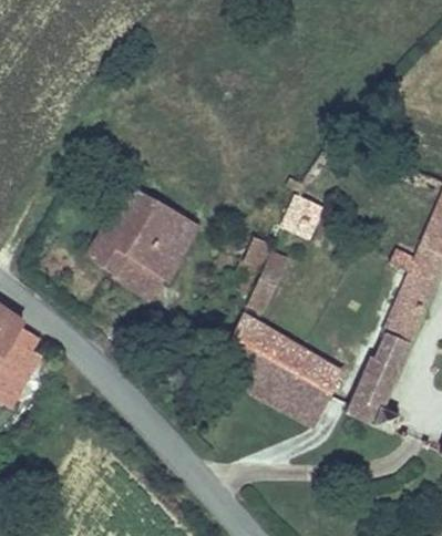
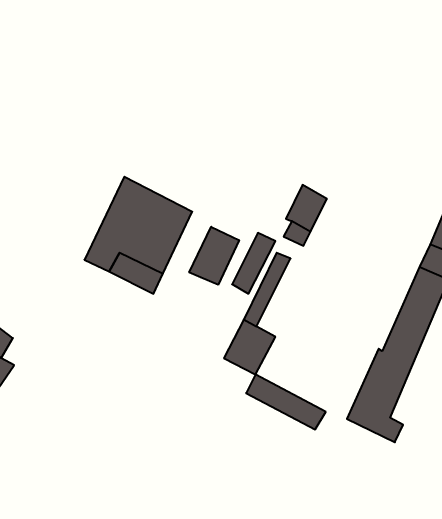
building: none -> [189,227,239,285]
building: [256,333,339,404] -> none

